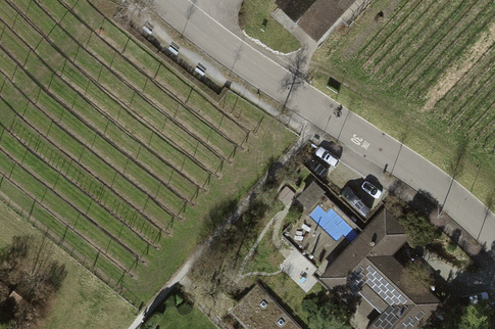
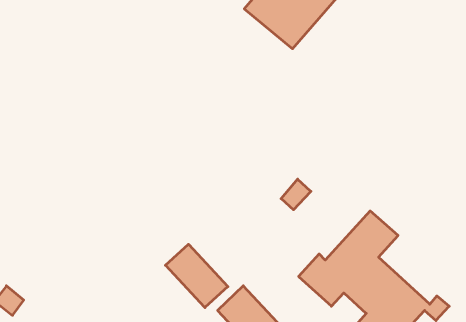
building: none -> [165,244,228,308]

